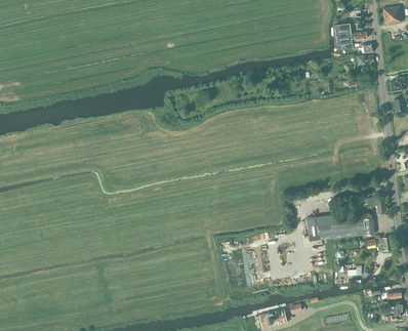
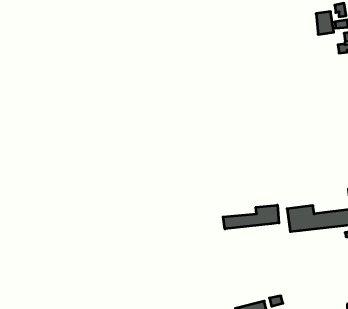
building: none -> [223,205,279,229]

